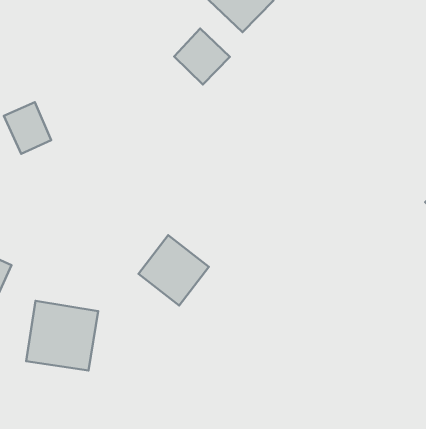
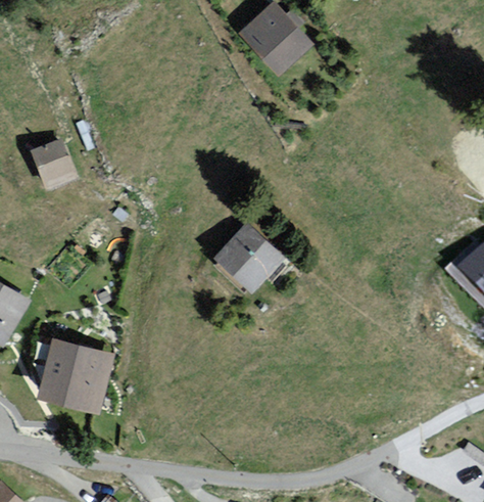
building: [174,28,230,85] -> none
building: [138,235,209,306] -> [210,222,283,294]

